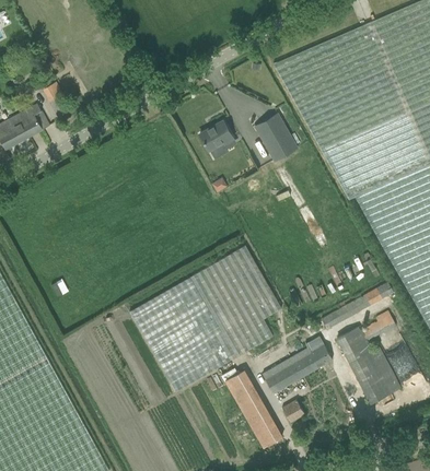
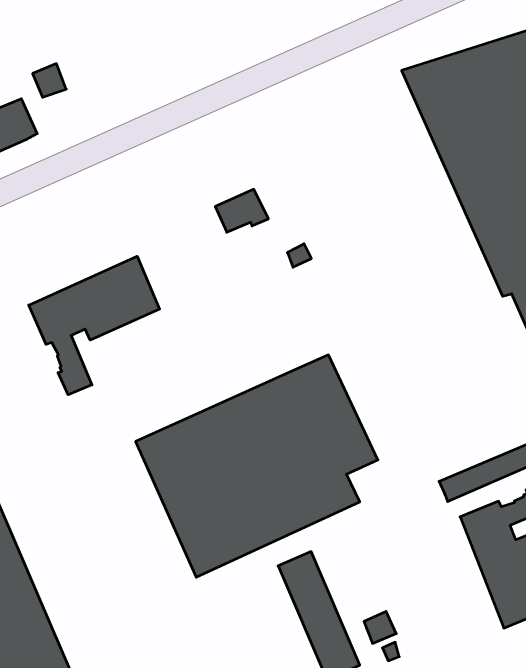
building: [254,114,299,163] -> none
building: [199,123,233,152] -> [215,189,268,232]
building: none -> [29,256,160,395]
building: [263,337,333,395] -> none

